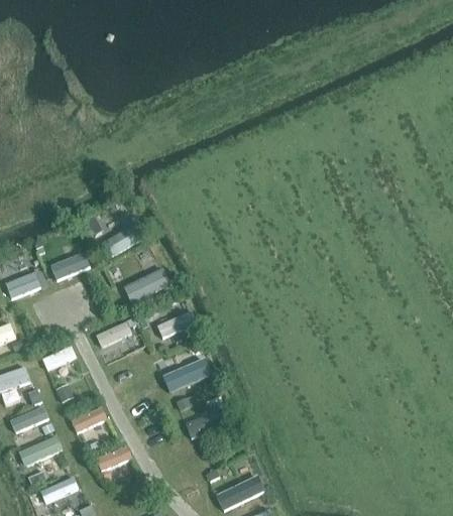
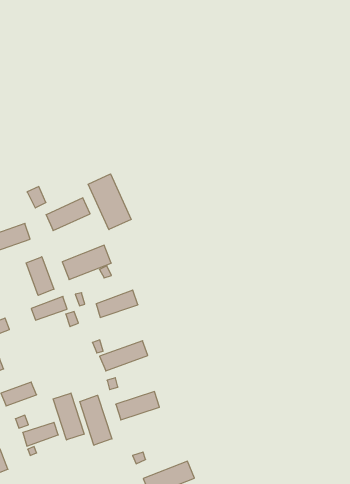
building: none -> [88,174,131,230]
building: none -> [26,257,54,295]
building: none -> [53,393,84,440]
building: none -> [80,395,112,445]

